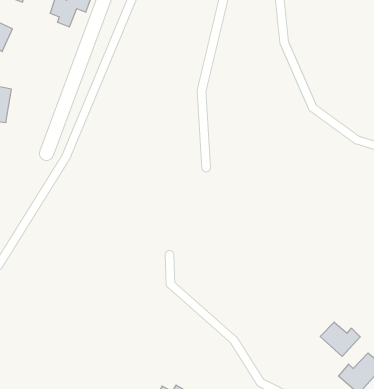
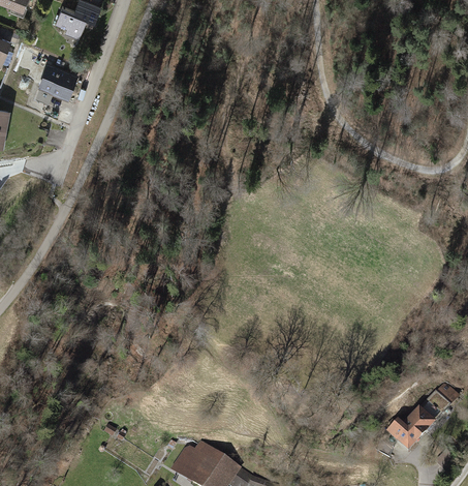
building: none -> [39,64,81,100]
building: [320,322,360,356] -> none

